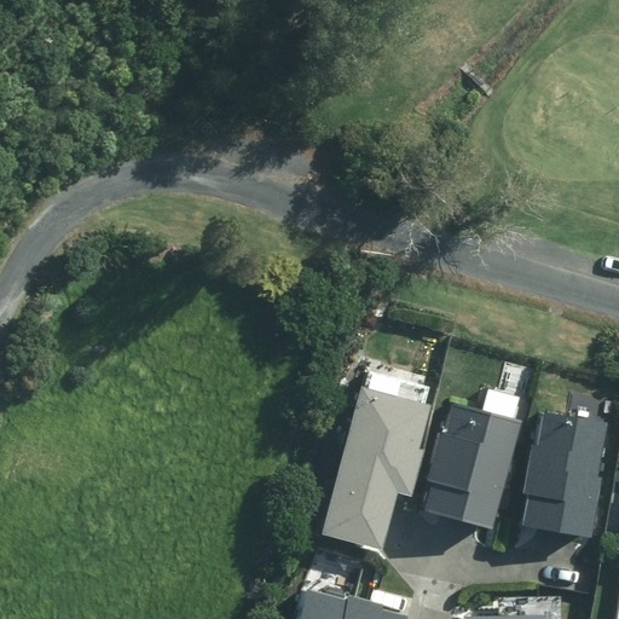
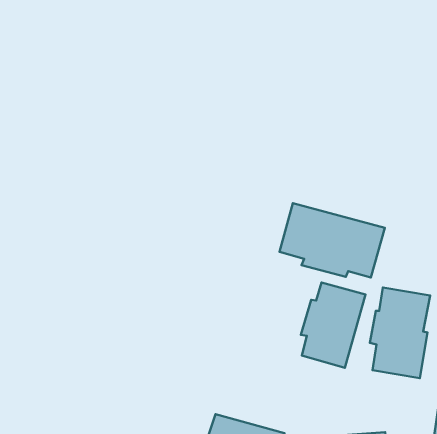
building: none -> [280,203,385,277]
building: [319,387,429,546] -> none

